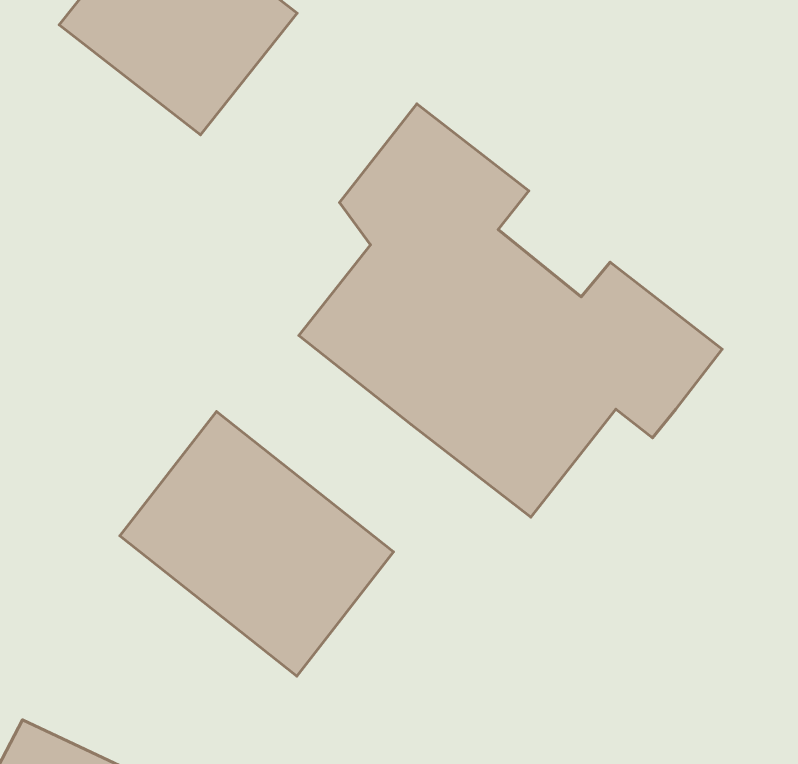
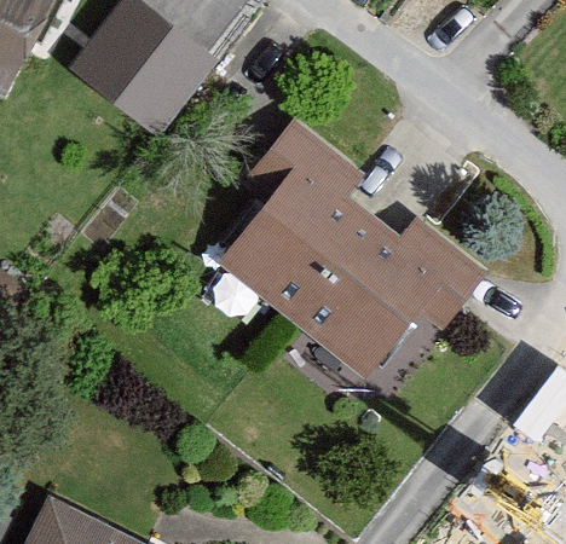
building: [120,412,393,676] -> none

